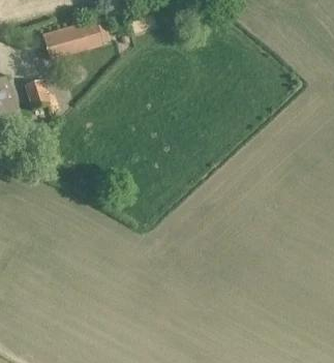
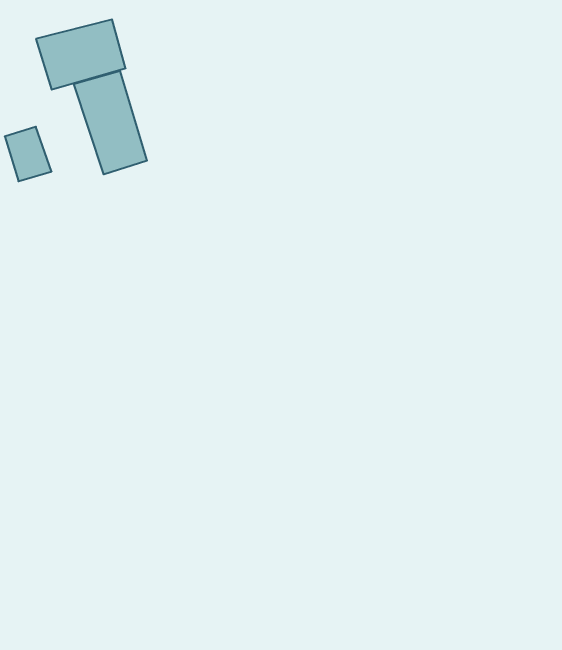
building: none -> [74,71,147,174]

